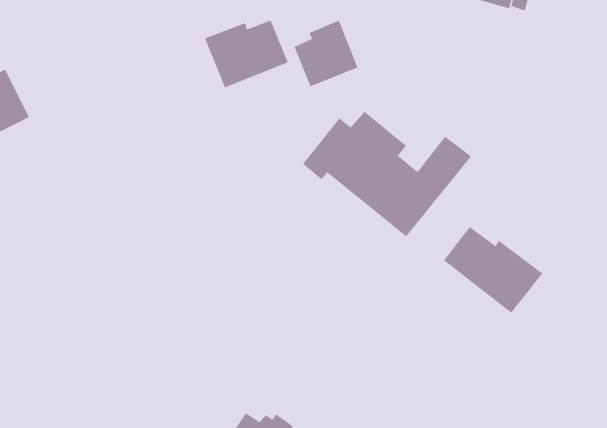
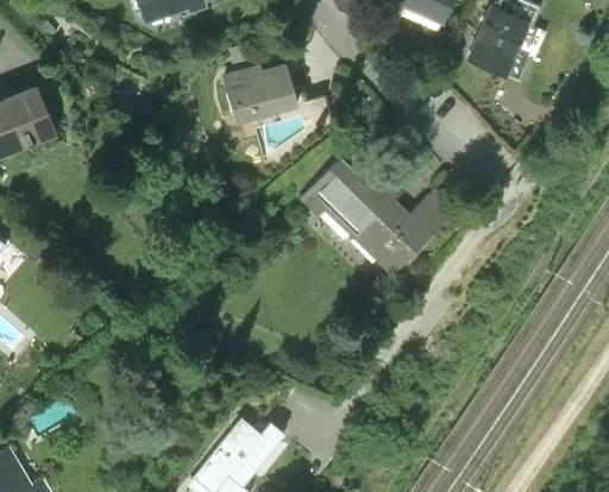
building: [294,20,358,87] -> none
building: [443,226,543,313] -> none

